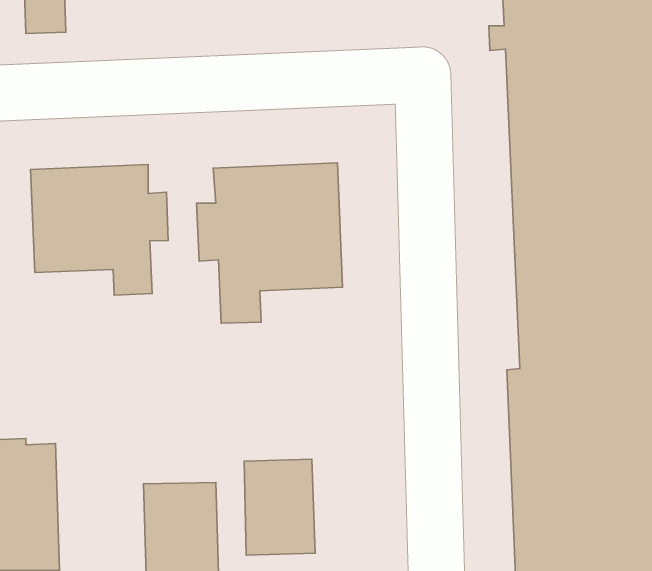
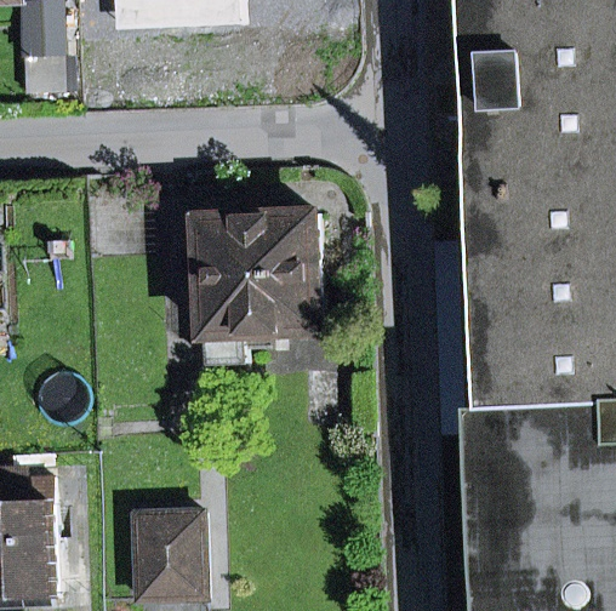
building: [30,165,168,295] -> none
building: [244,459,315,555] -> none

